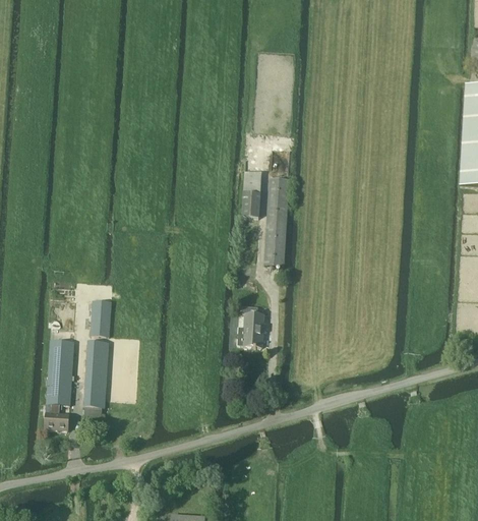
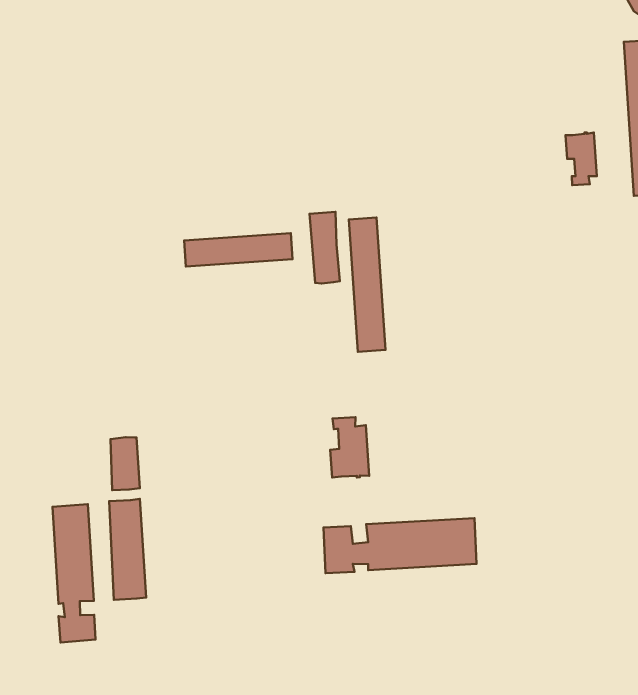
building: none -> [566,133,597,185]
building: none -> [184,233,292,267]
building: none -> [323,518,476,573]

